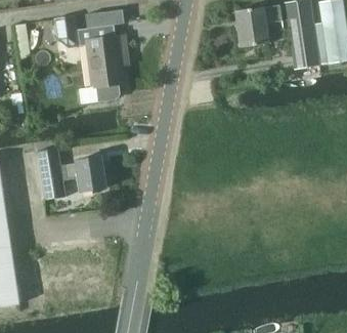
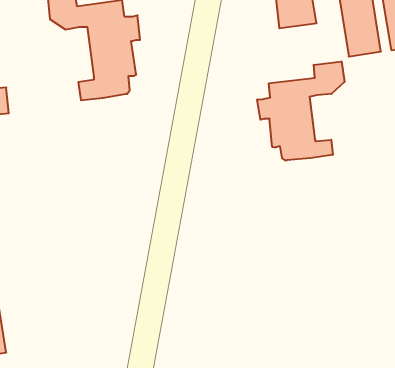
building: none -> [257,61,345,161]
building: [38,148,106,201] -> none

